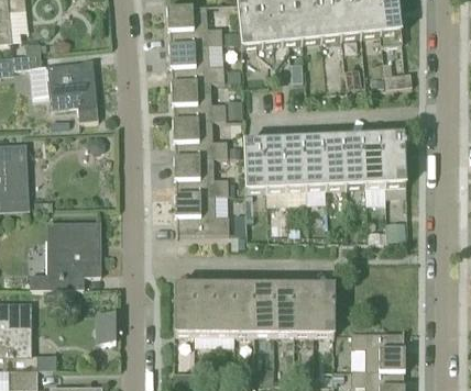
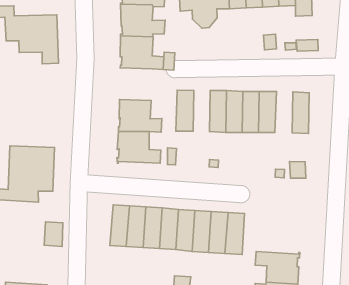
building: [174,118,228,157] -> none
building: [364,135,386,186] -> none
building: [264,139,286,190] -> none

